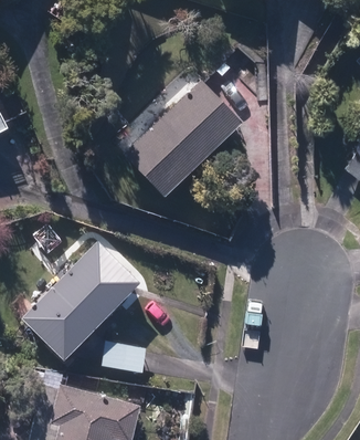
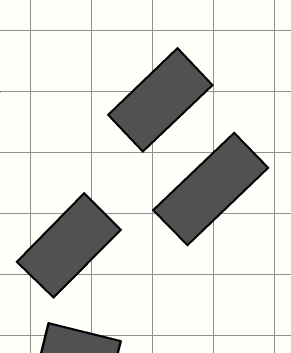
building: none -> [153,133,268,245]

